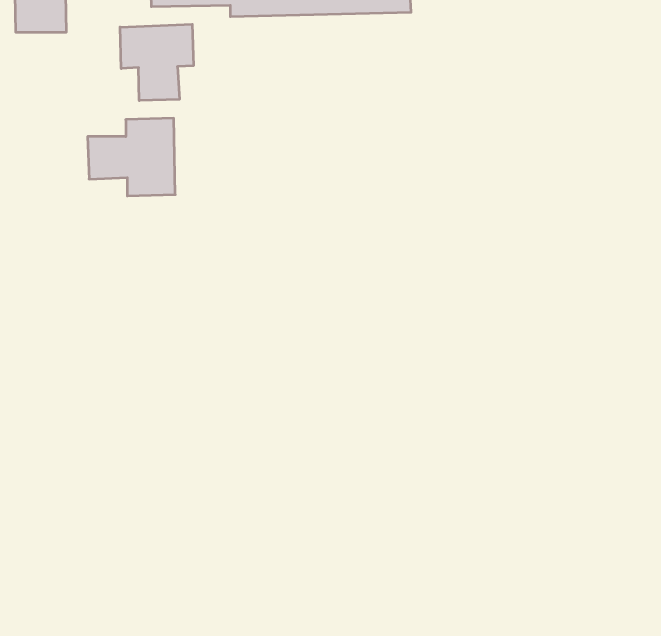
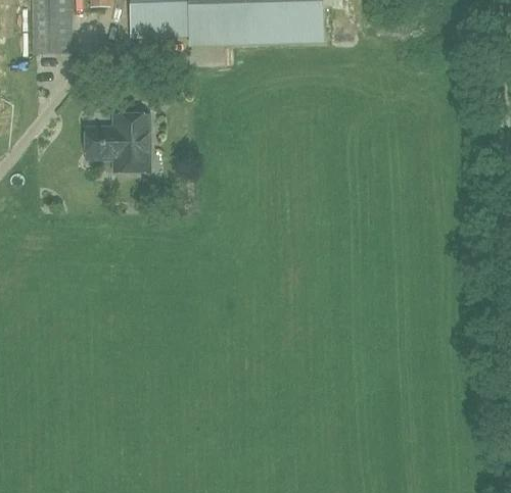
building: [120,24,193,101] -> none

